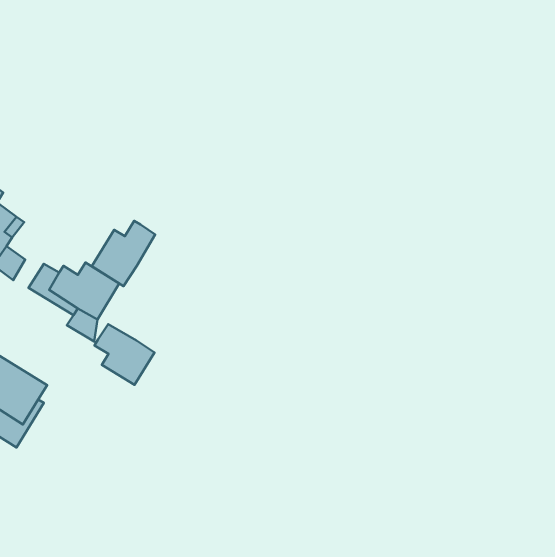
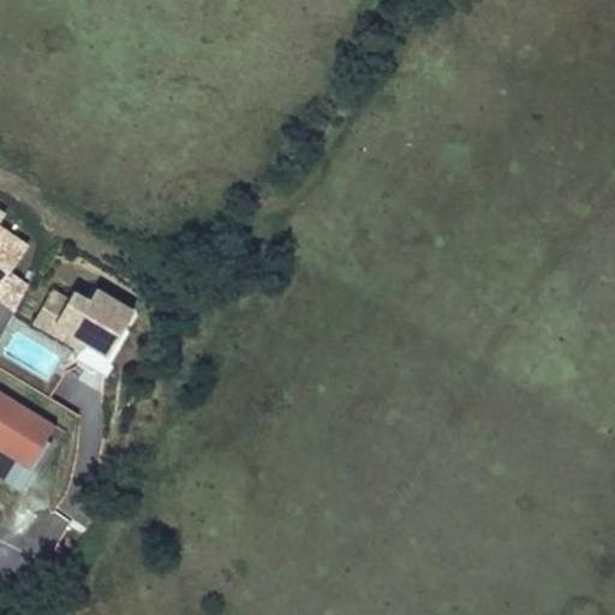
building: [92,221,155,286] -> none
building: [95,324,155,385] -> none

